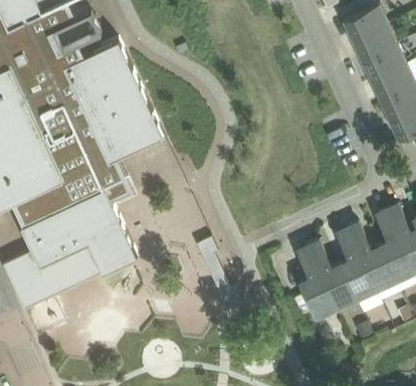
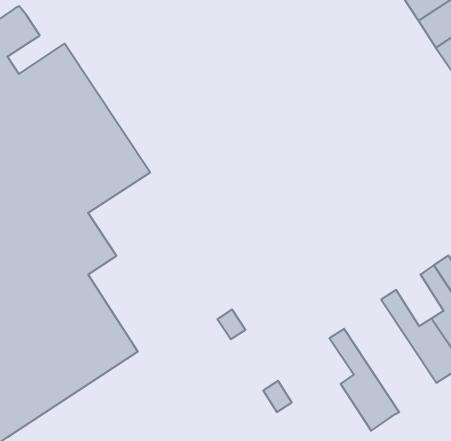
building: [296,246,337,319] -> [329,329,399,431]

